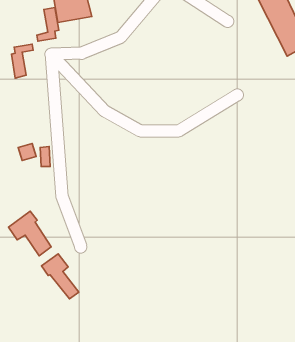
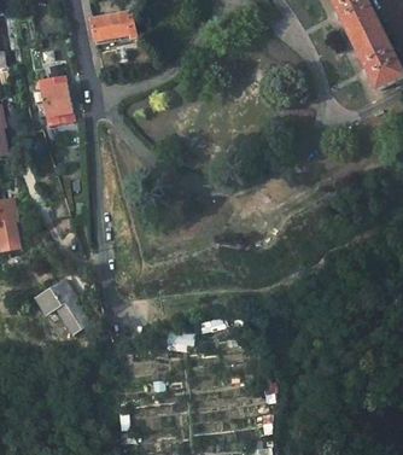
building: [37,7,59,41] -> [45,82,71,123]
building: [42,254,79,299] -> none

